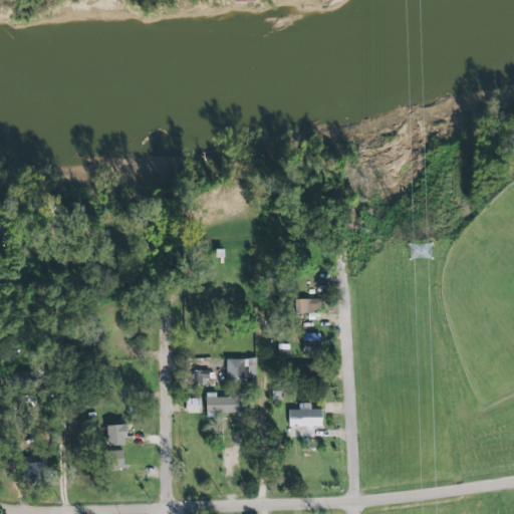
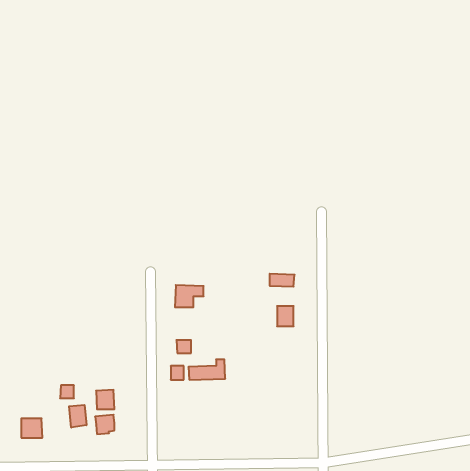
building: [226,358,257,382] -> [175,285,204,307]
building: [289,403,323,428] -> none
building: none -> [69,405,86,428]

